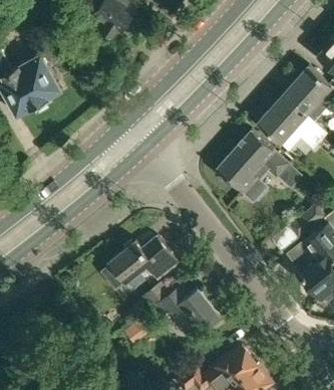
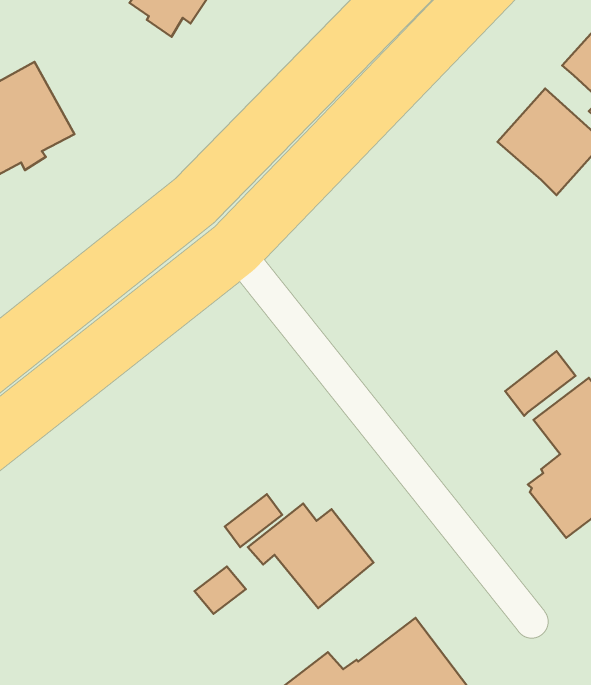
building: [258,93,324,150] -> none
building: [218,130,288,202] -> none
building: [101,235,179,288] -> none

